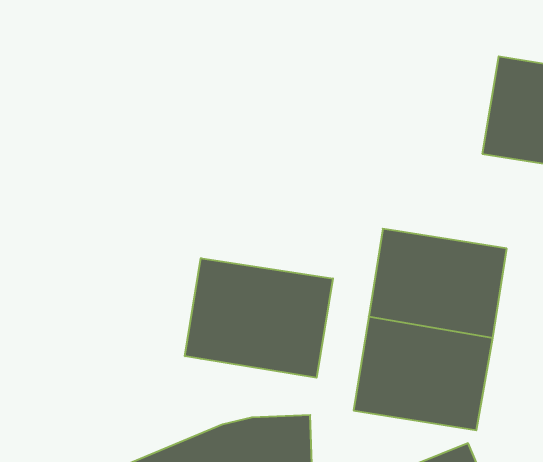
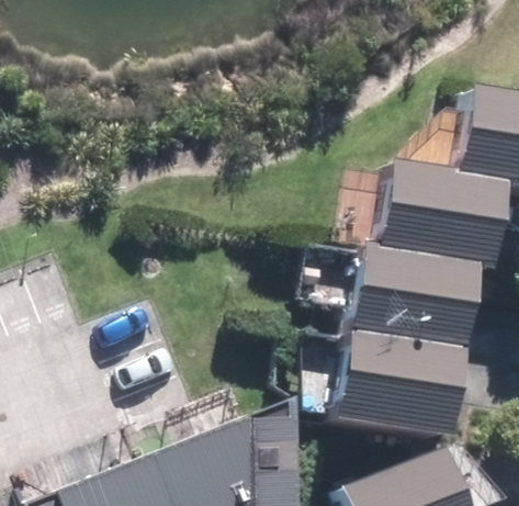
building: none -> [380,164,506,266]
building: [185,258,333,378] -> none

